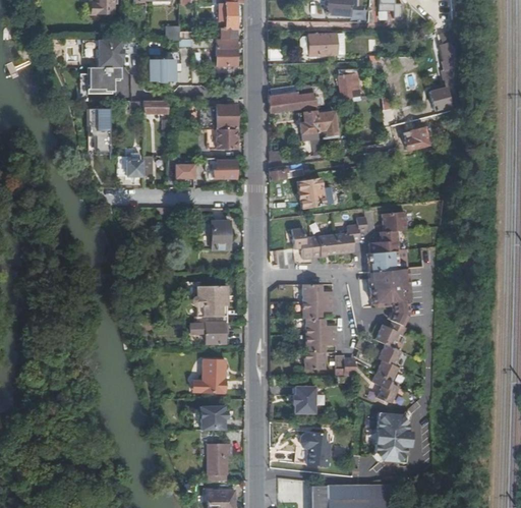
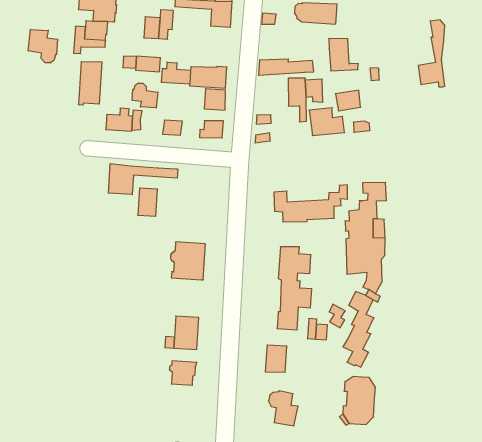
building: none -> [28,29,58,63]
building: none -> [161,62,191,84]
building: none -> [132,83,158,108]
building: [402,127,428,150] -> [335,90,361,111]
building: [296,178,334,208] -> [309,108,345,136]
building: none -> [108,164,178,195]
building: [211,221,229,248] -> [138,188,158,216]
building: [190,323,224,343] -> none
building: [208,444,227,481] -> none

